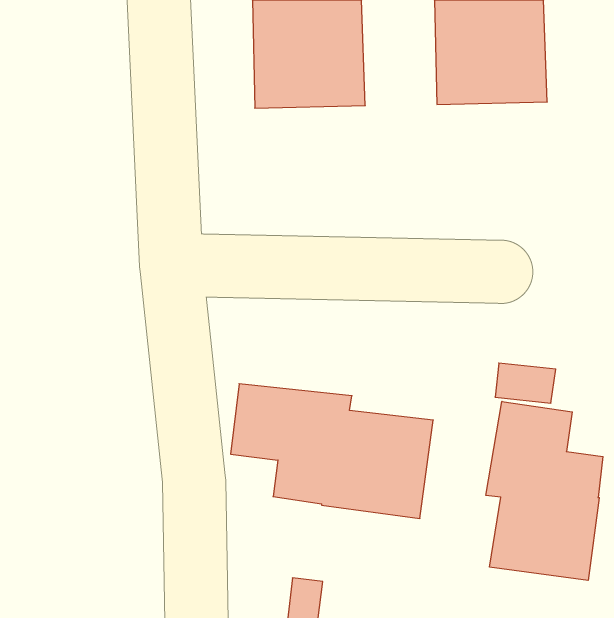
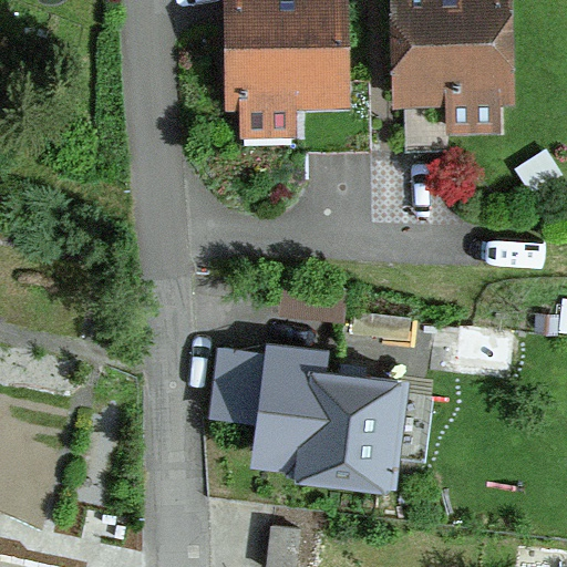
building: [486,401,603,580] -> none

